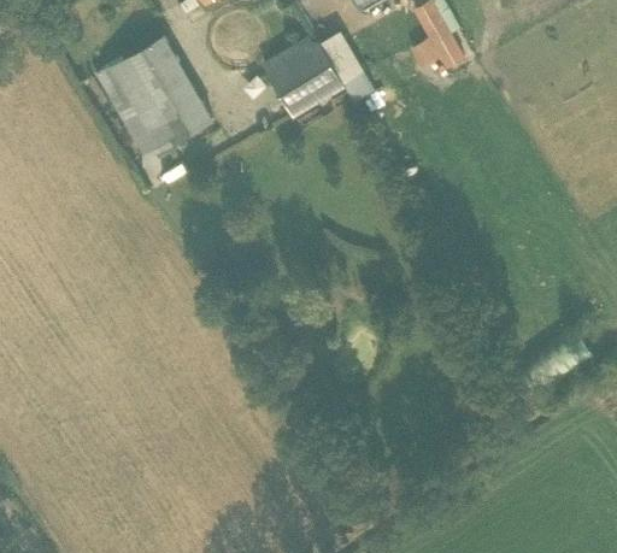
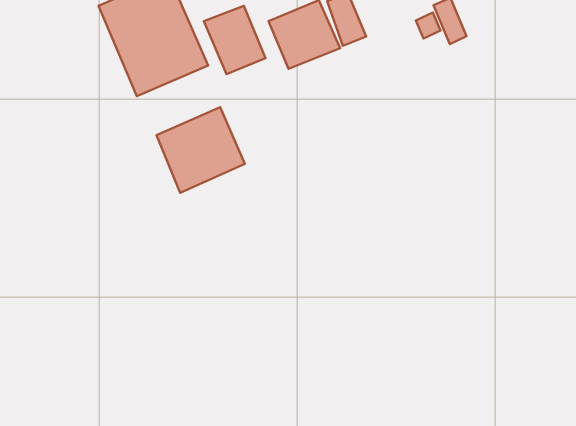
building: none -> [204,6,266,74]
building: none -> [156,107,245,193]

